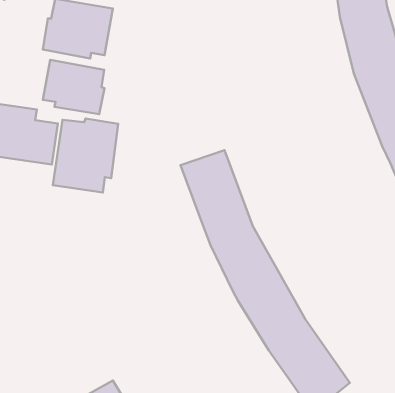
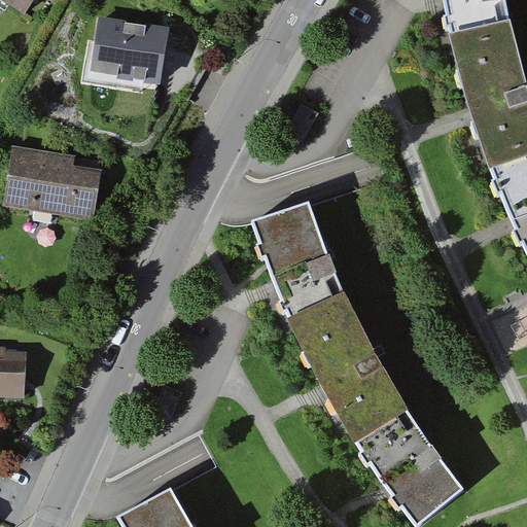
building: [43,60,104,114] -> none
building: [53,118,118,192] -> none

